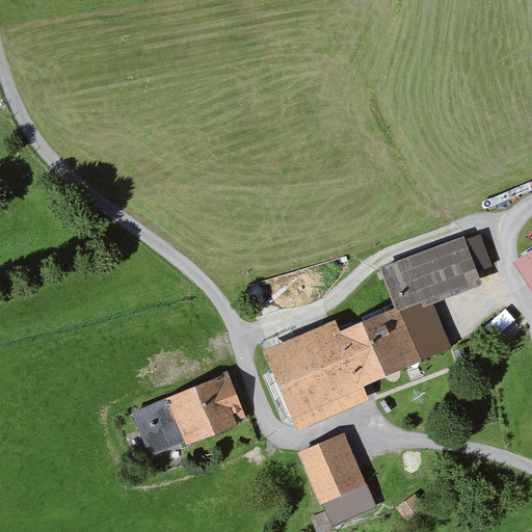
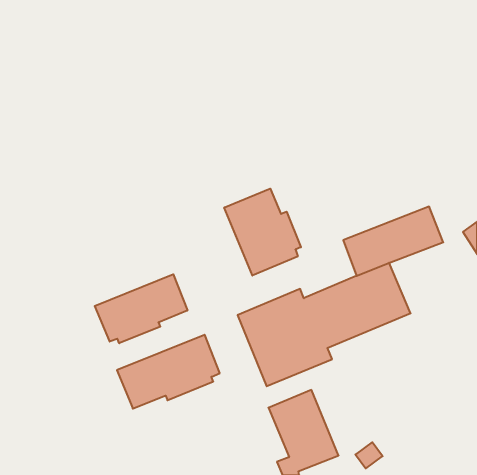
building: none -> [224,189,301,276]
building: none -> [95,274,187,343]

